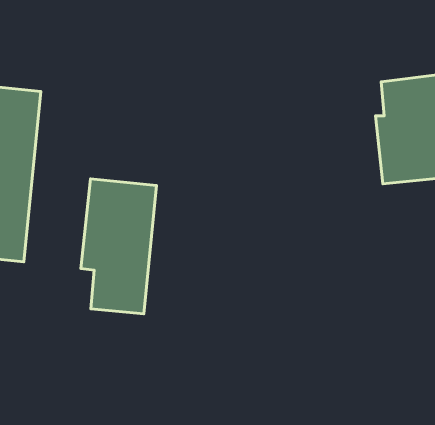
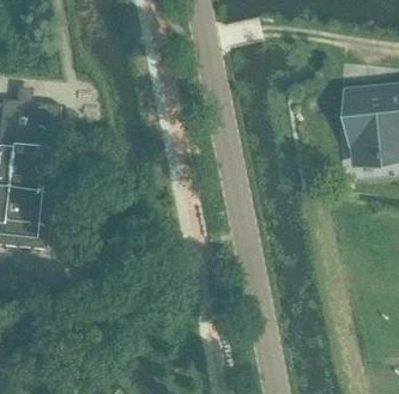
building: [81,179,157,314] -> none

